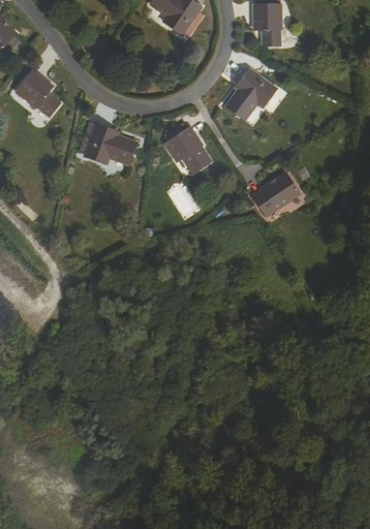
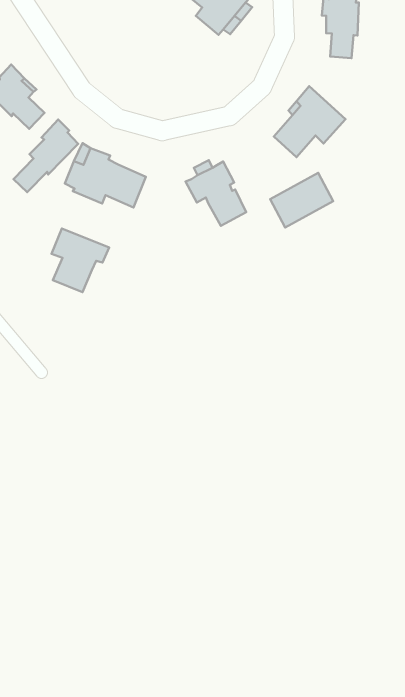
building: none -> [14,119,78,192]
building: [253,174,299,215] -> [270,173,333,228]
building: none -> [52,228,109,292]

